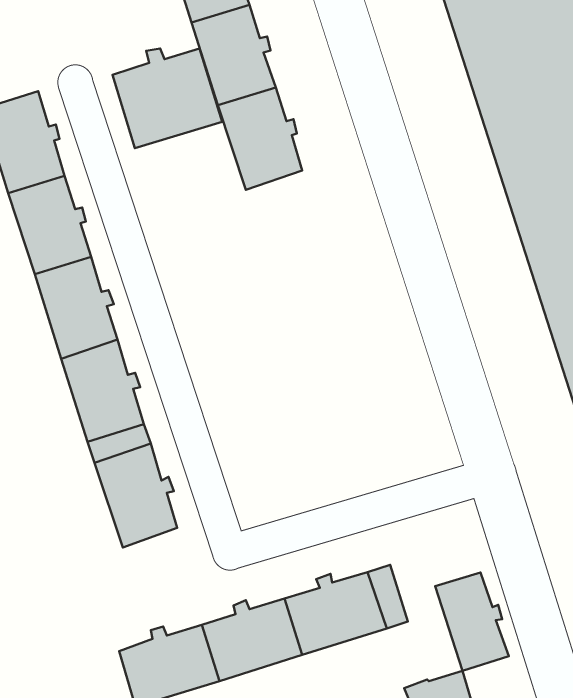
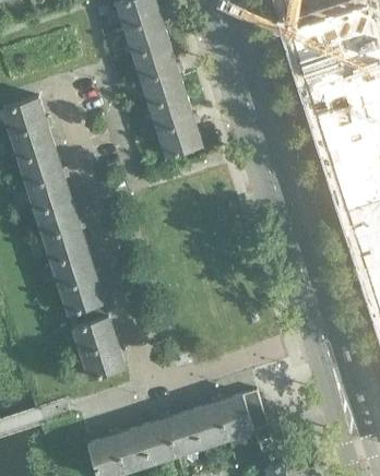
building: [112,48,222,148] -> none
building: [435,573,509,671] -> none

